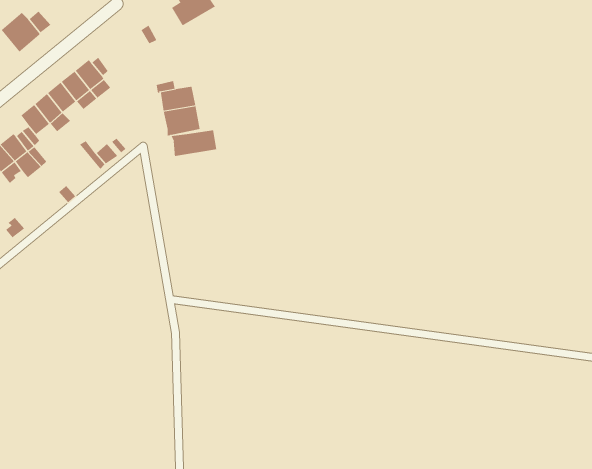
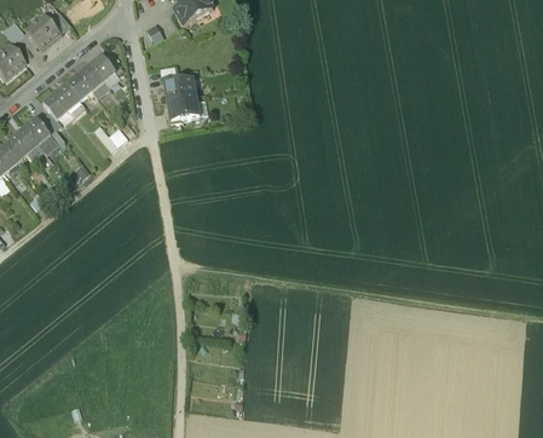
building: [171,129,217,157] -> none

